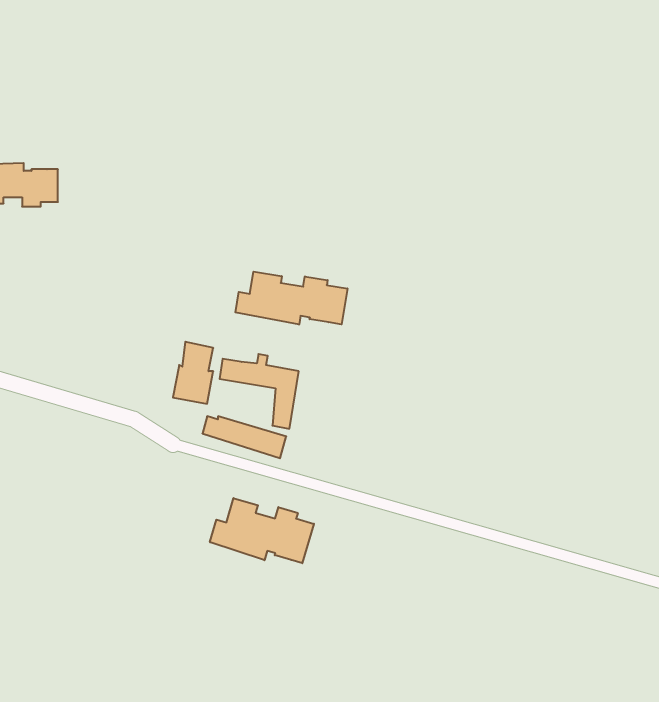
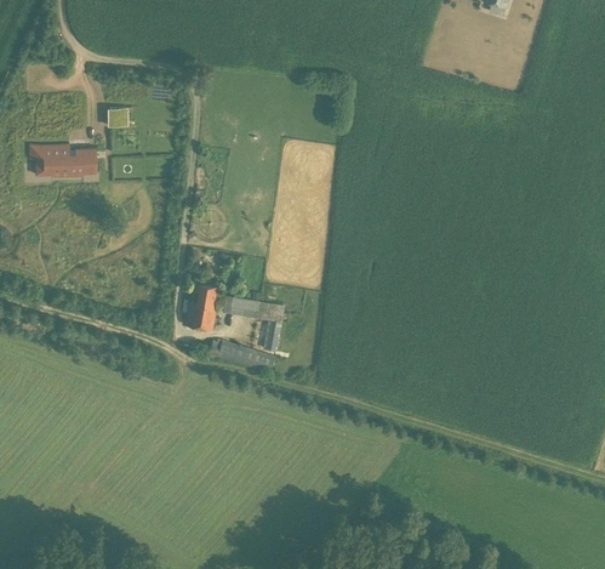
building: [235,272,347,325] -> none
building: [210,498,314,563] -> none

